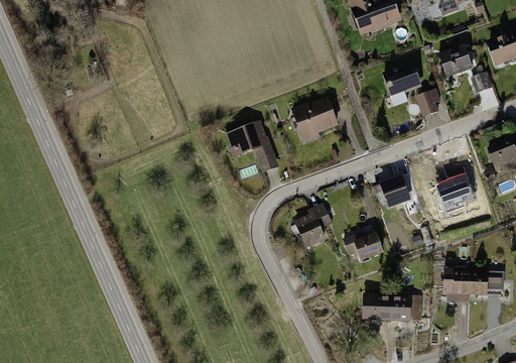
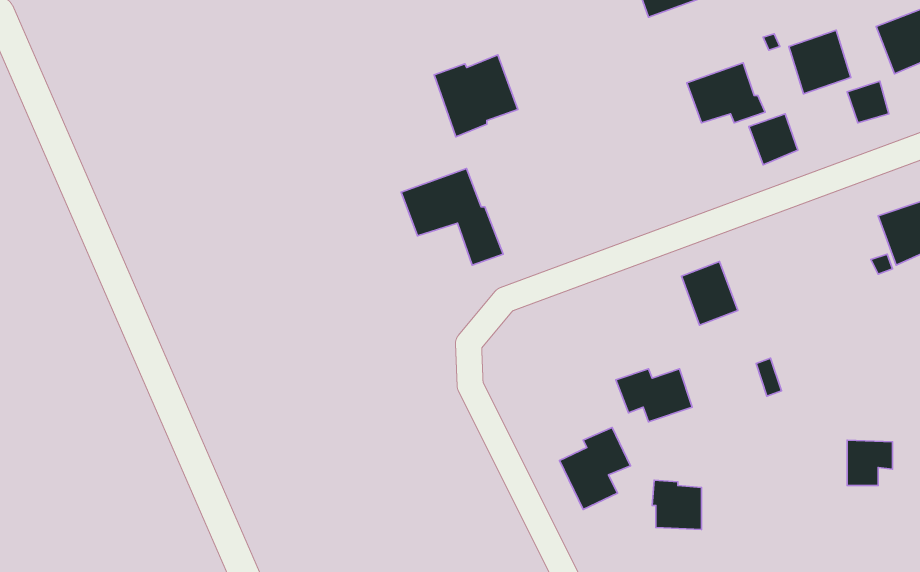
building: [291,98,338,143] -> [434,55,518,137]
building: [433,182,473,214] -> none
building: [294,204,334,249] -> [559,428,630,510]
building: [443,267,471,302] -> none
building: [390,295,420,322] -> none

